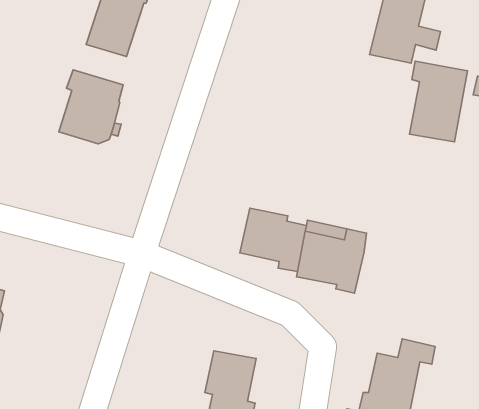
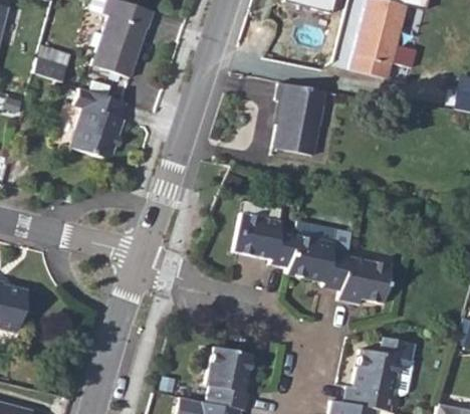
building: none -> [36,43,73,79]
building: [410,61,467,142] -> [272,79,325,154]
building: none -> [339,254,393,302]

